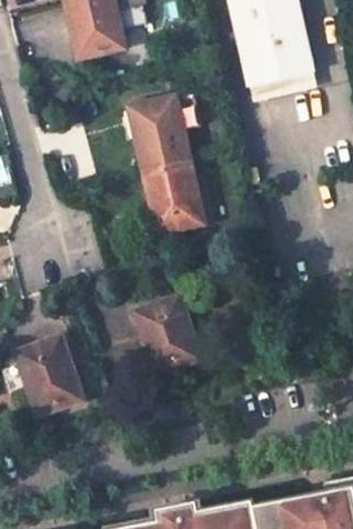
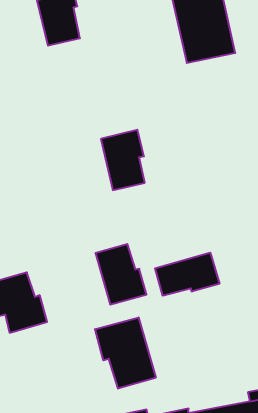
building: [131,101,191,176] -> none
building: none -> [155,253,219,296]
building: none -> [95,317,156,389]

